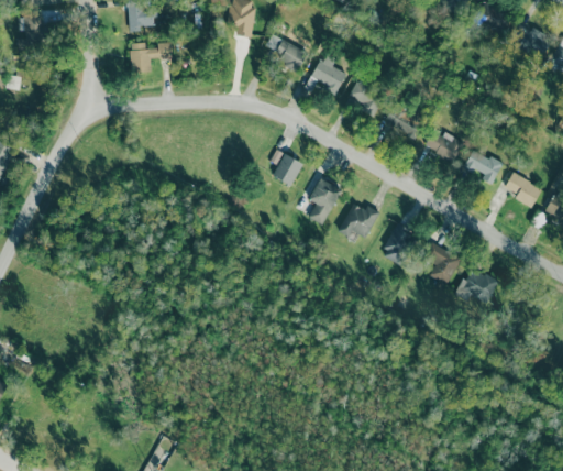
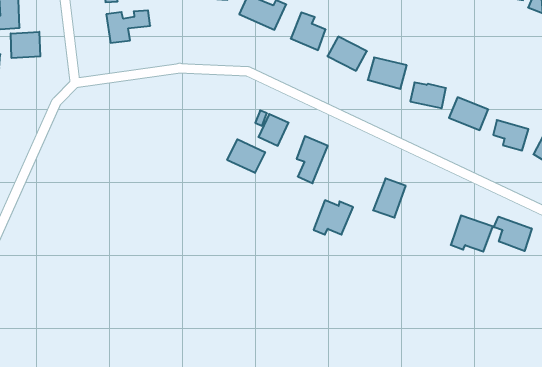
building: none -> [11,32,40,58]
building: none -> [227,139,265,173]
building: [338,204,378,239] -> [314,200,353,235]
building: [424,243,461,292] -> none
building: none -> [494,217,532,251]

